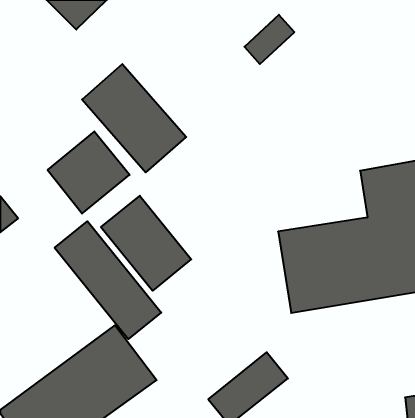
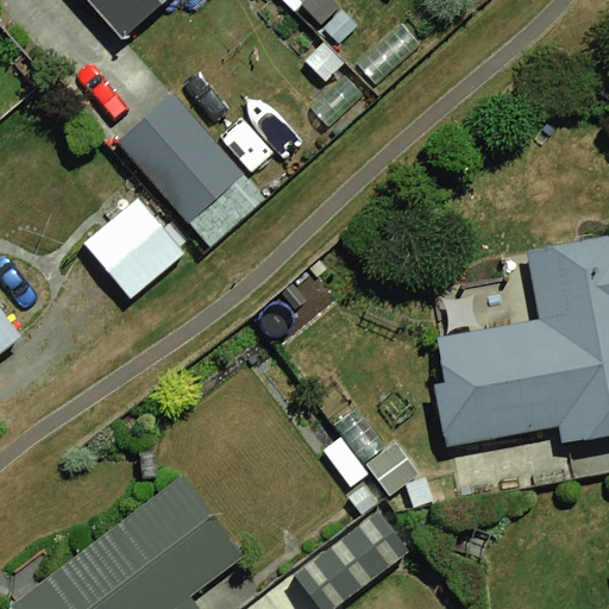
building: [101,196,191,291] -> none
building: [55,221,161,339] -> none

